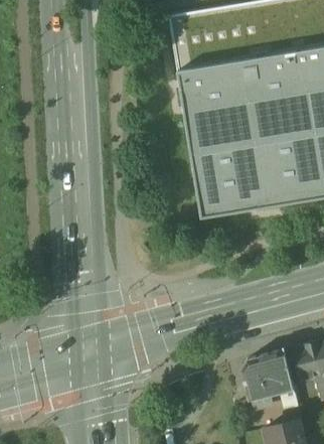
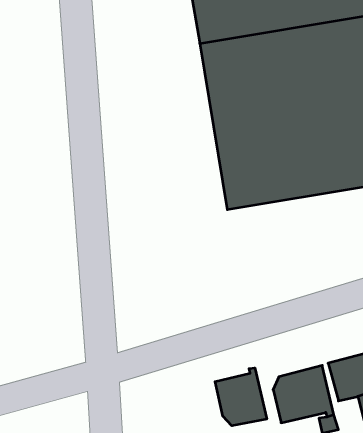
building: none -> [215,368,267,426]

